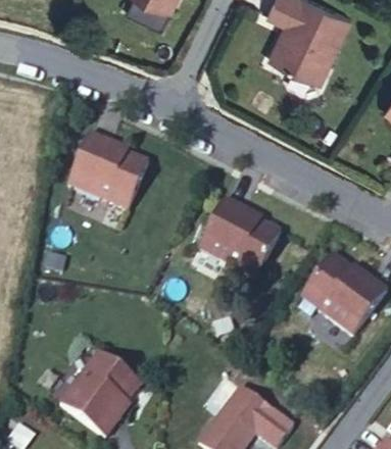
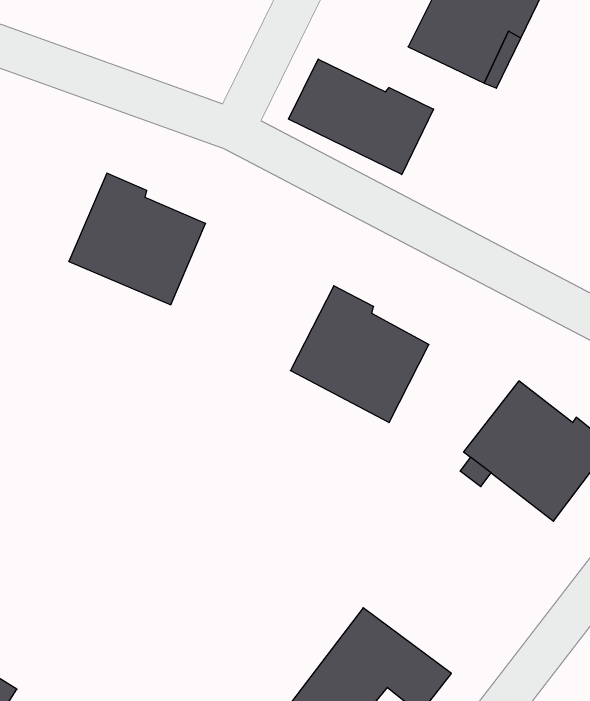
building: none -> [289,59,434,175]
building: [59,350,141,437] -> none

